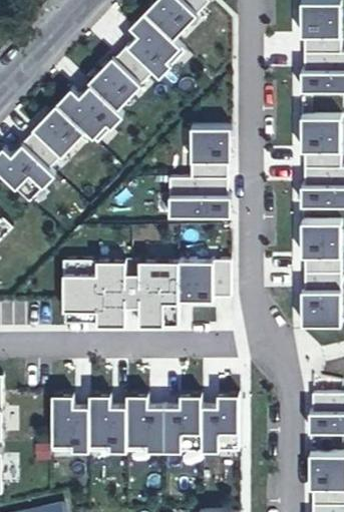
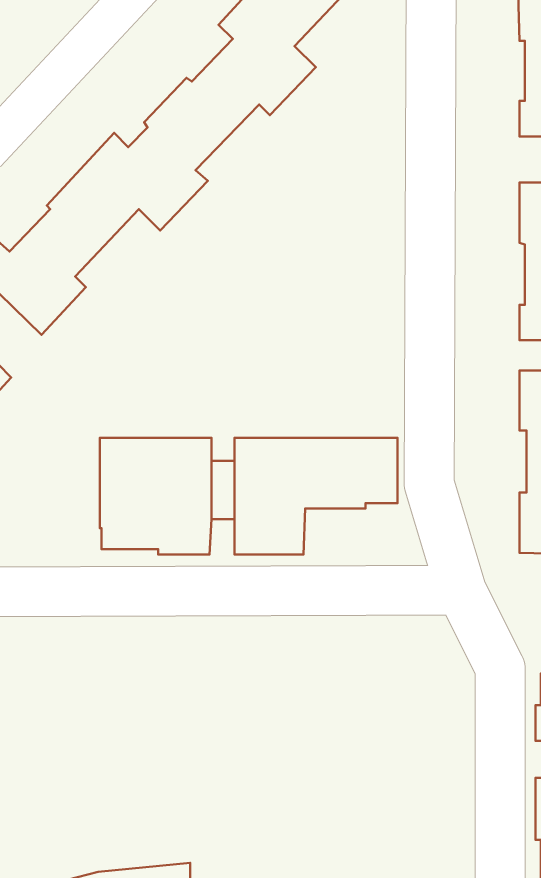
building: [168,128,231,218] -> none
building: [51,395,239,452] -> none

